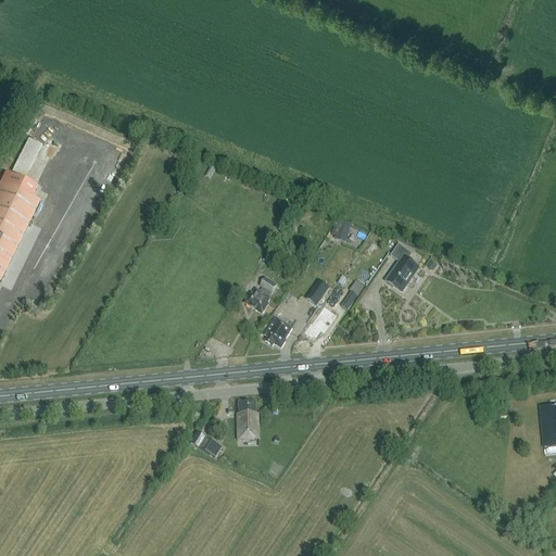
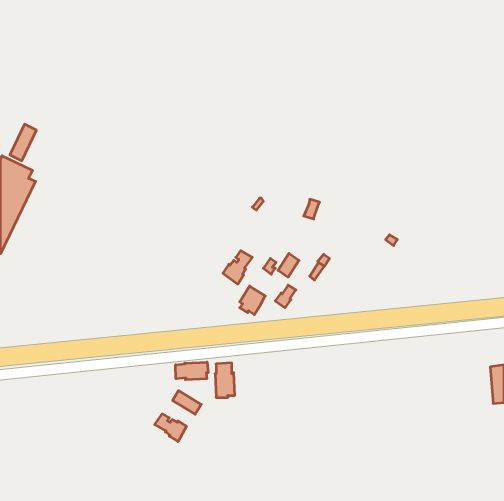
building: [388,242,417,289] -> none
building: none -> [176,362,208,380]
building: none -> [155,414,186,442]

